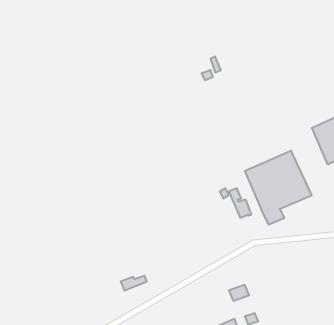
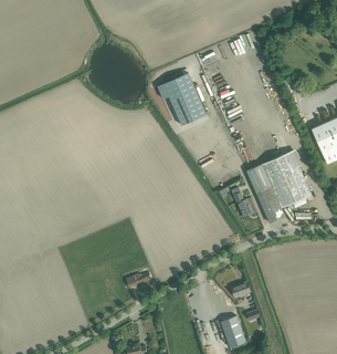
building: none -> [158,73,207,124]

